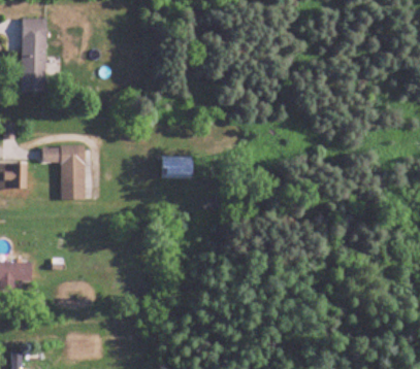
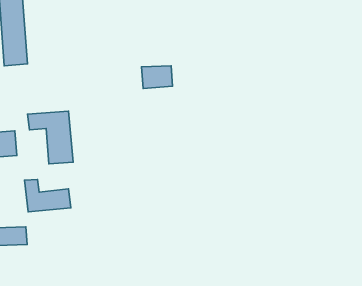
building: [162,156,193,178] -> [142,66,173,88]
building: none -> [24,179,71,212]

